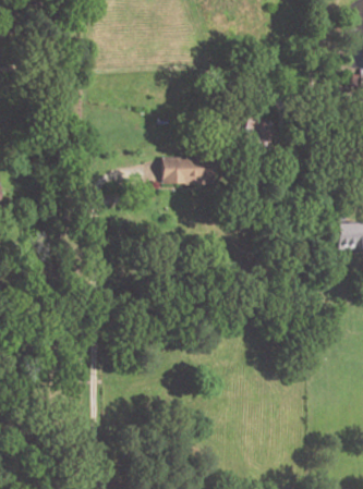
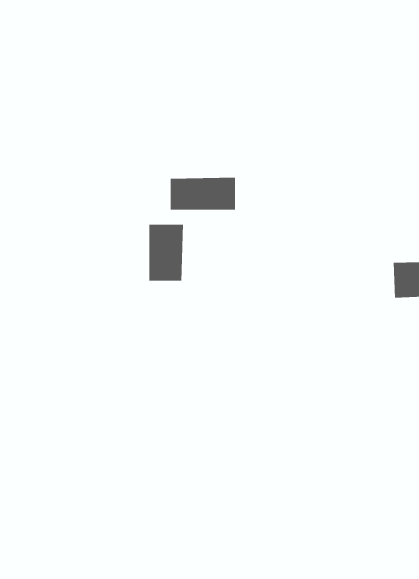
building: none -> [149,224,183,282]

